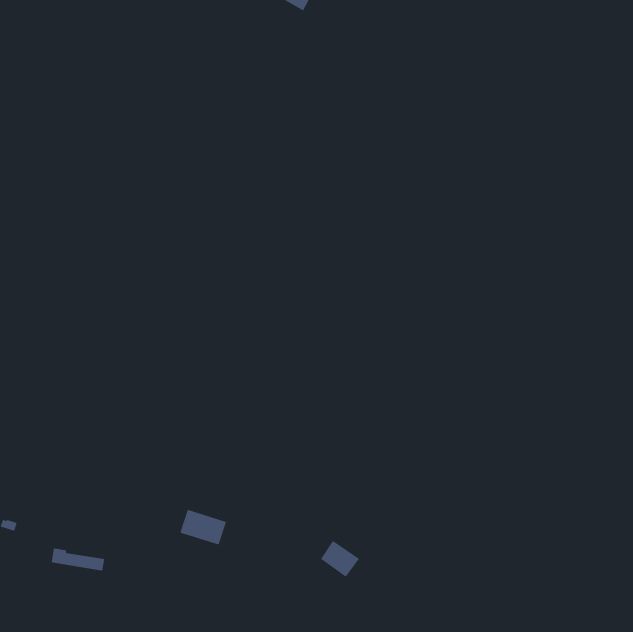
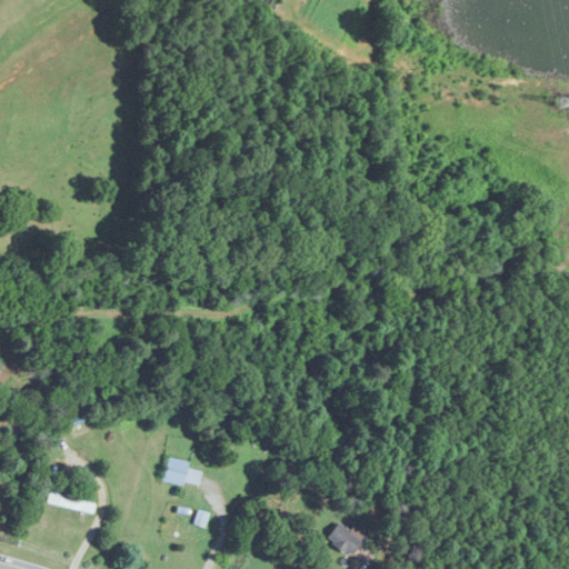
building: [320,540,360,577] -> [327,521,362,555]

